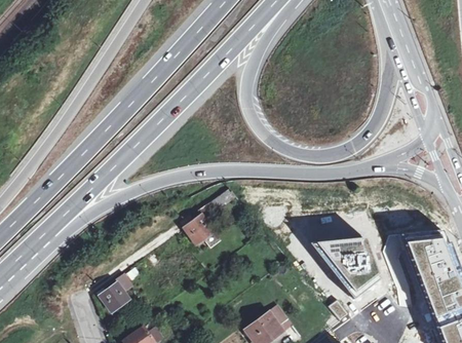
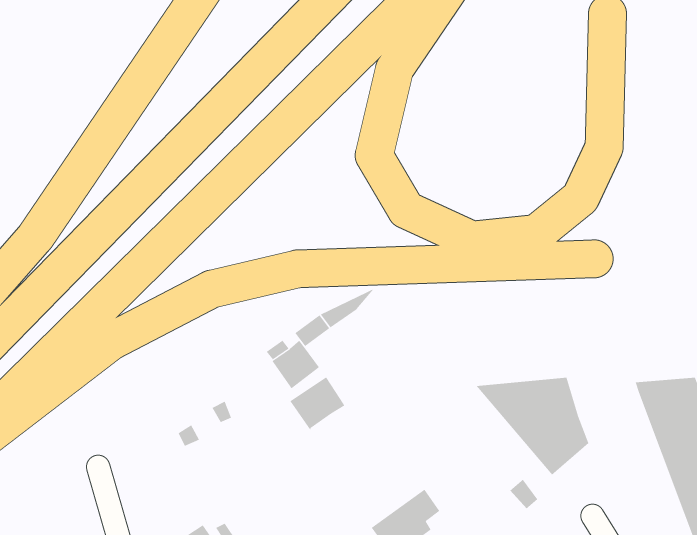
building: none -> [289,377,345,430]
building: [101,273,133,312] -> none

